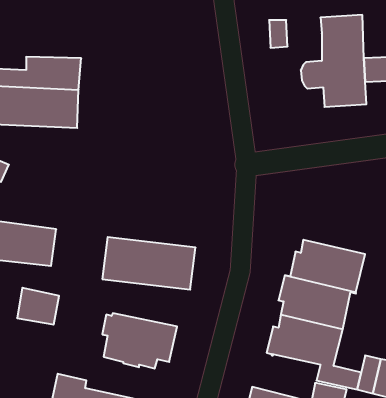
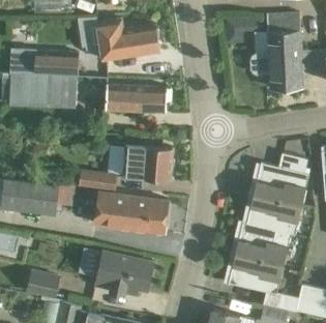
building: none -> [94,18,158,60]
building: none -> [105,85,167,113]
building: none -> [121,144,173,181]
building: none -> [251,153,308,205]
building: none -> [73,169,116,189]
building: [17,288,59,325] -> [26,268,59,297]

